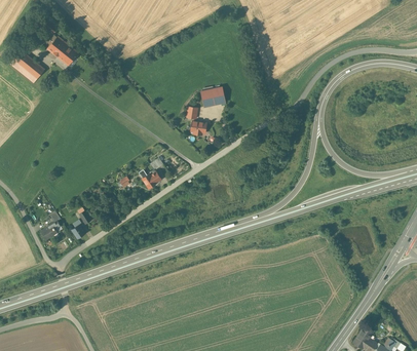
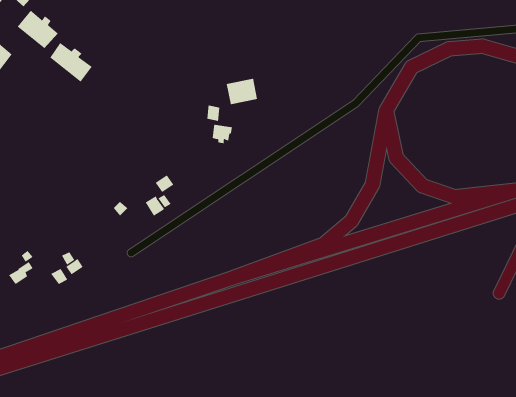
building: none -> [49,42,92,83]

